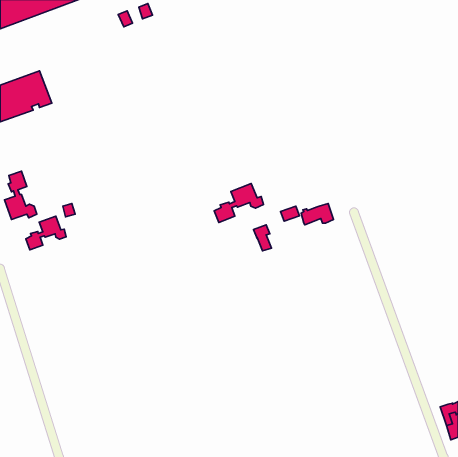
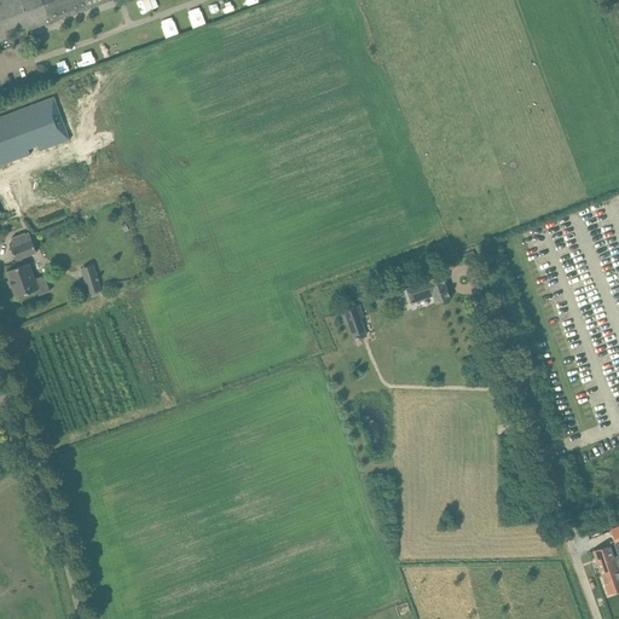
building: [214,183,264,223] -> none
building: [26,216,66,250] -> none

